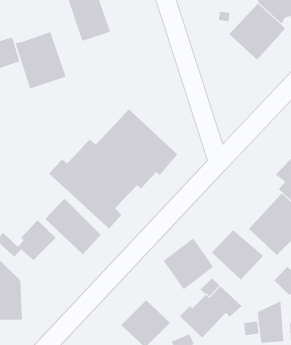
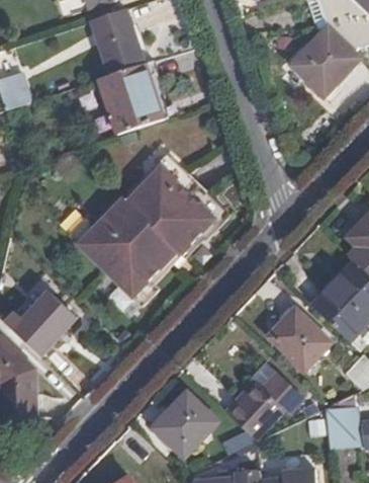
building: [15,32,67,89] -> [98,63,162,134]
building: [45,198,101,255] -> none
building: [163,238,214,290] -> none

